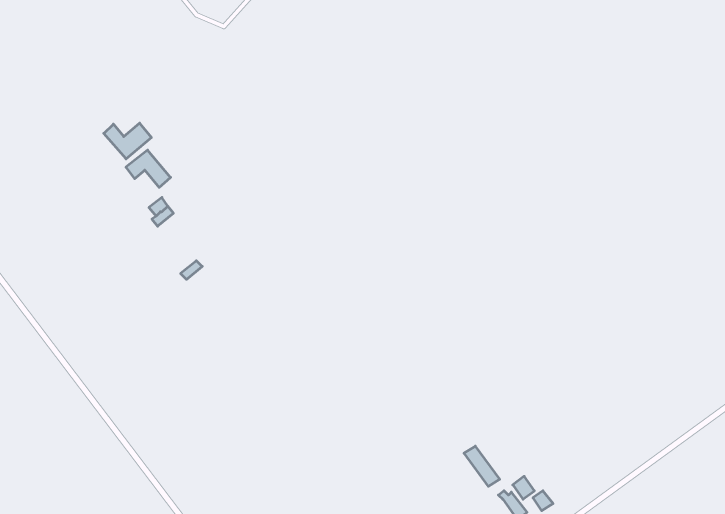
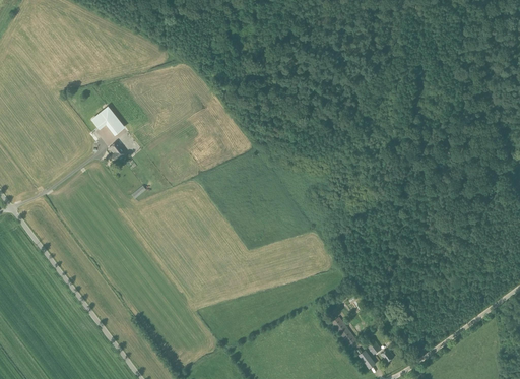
building: [104,123,151,159] -> none

